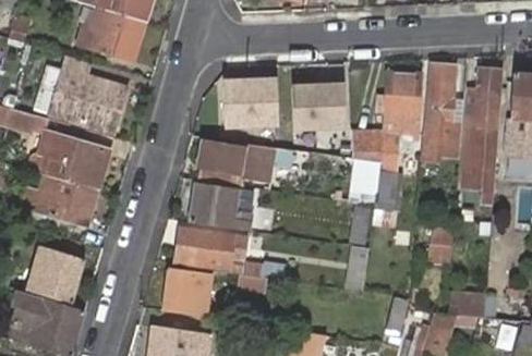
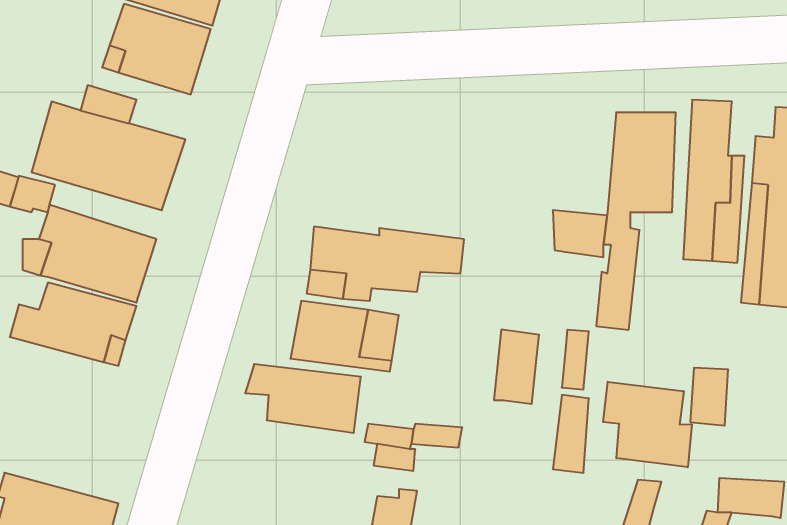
building: [219,76,271,123] -> none
building: [289,83,339,127] -> none
building: [351,157,378,201] -> [494,330,539,404]
building: none -> [603,382,692,467]
building: [29,247,85,302] -> none
building: [161,269,211,314] -> none

